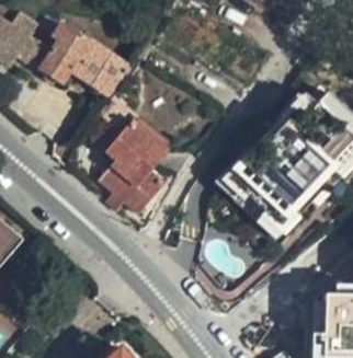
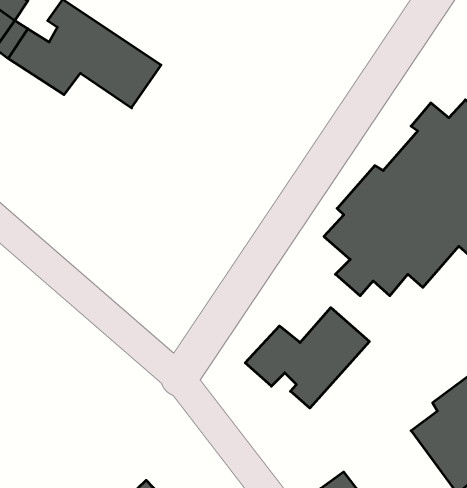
building: [99,118,168,211] -> none
building: none -> [245,308,369,408]

